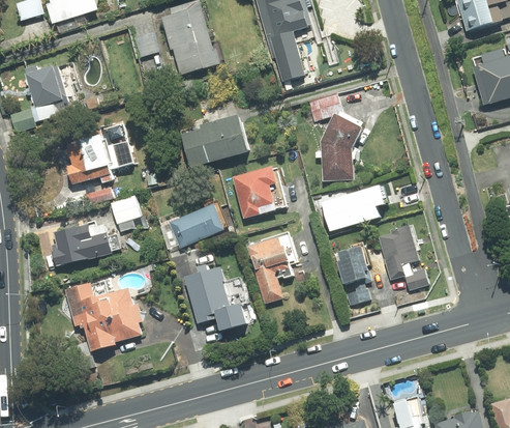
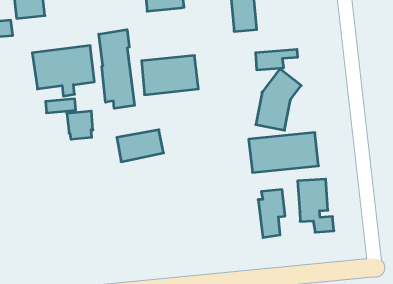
building: none -> [99,30,135,108]
building: [233,167,286,219] -> none
building: [51,225,112,265] -> none
building: [247,236,292,304] -> none
building: [184,266,247,331] -> none
building: [64,280,142,351] -> none

